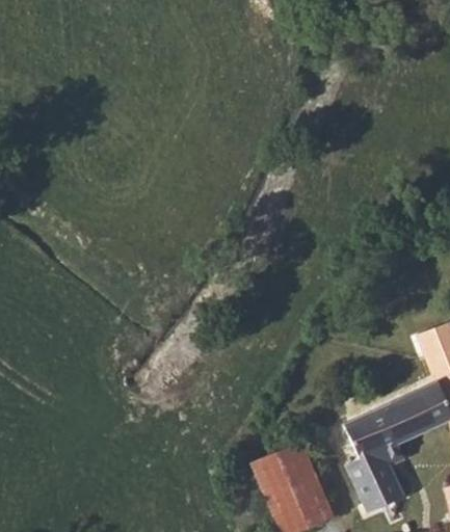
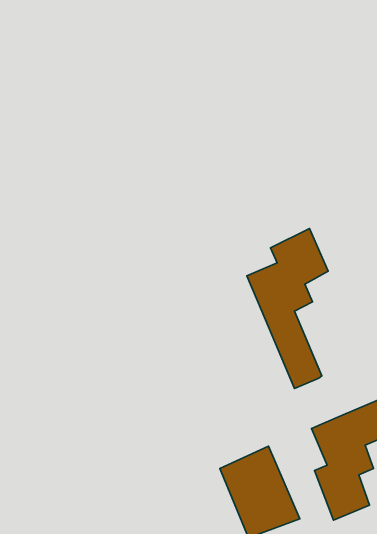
building: none -> [247,229,328,388]

